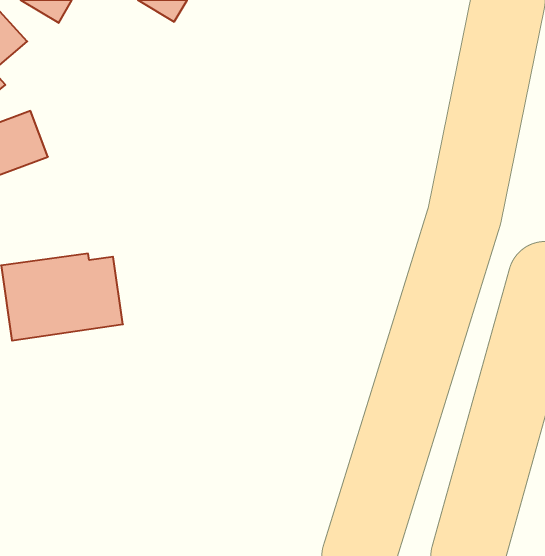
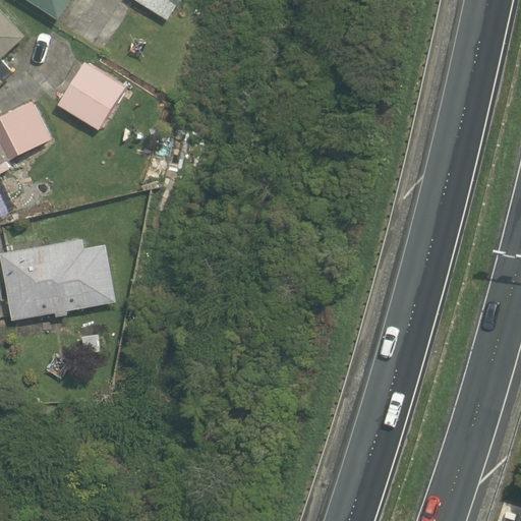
building: none -> [56,62,111,128]

